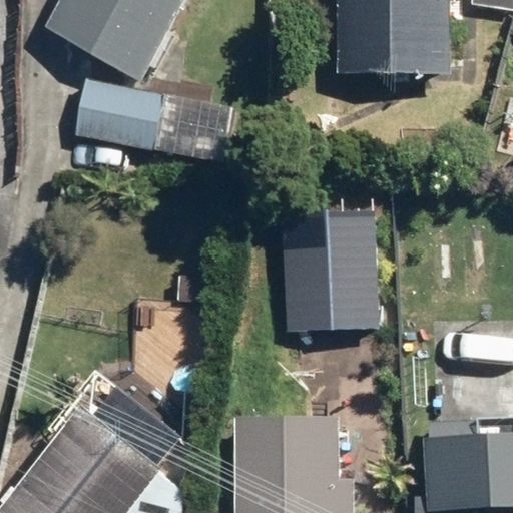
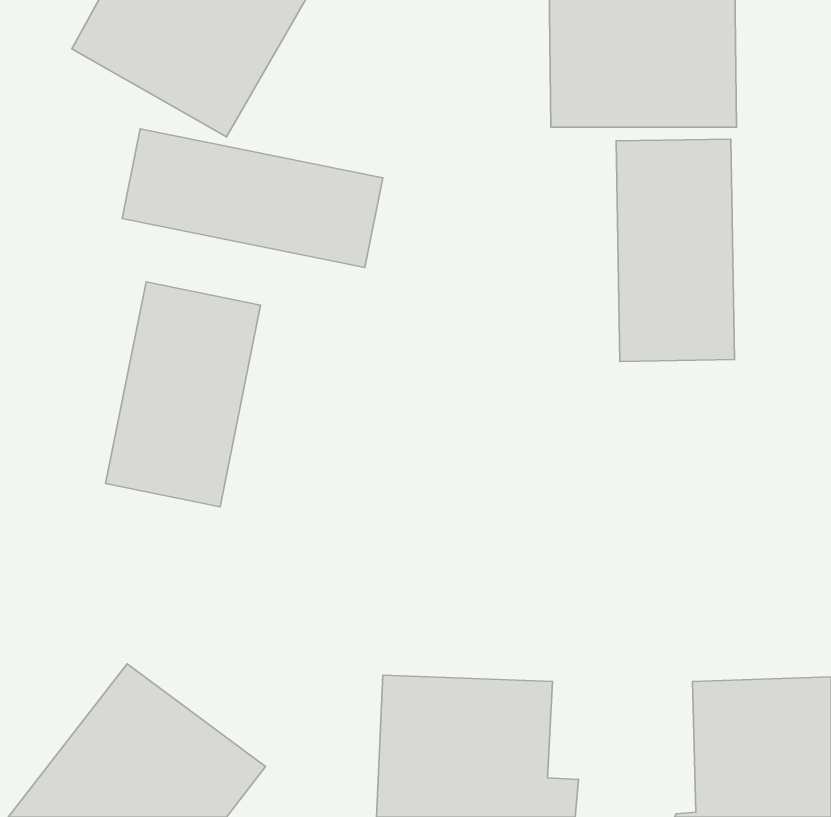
building: none -> [616,139,734,361]
building: none -> [106,282,261,507]
building: [281,210,380,334] -> none

